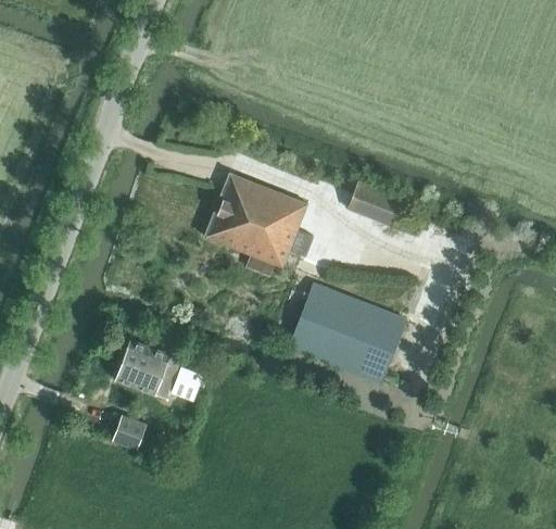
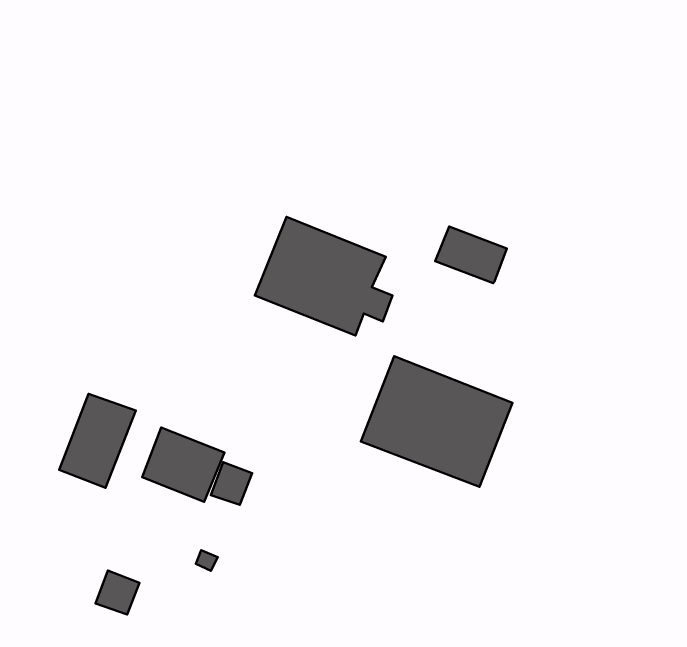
building: none -> [59,394,136,488]
building: [111,414,146,449] -> [96,570,140,614]

